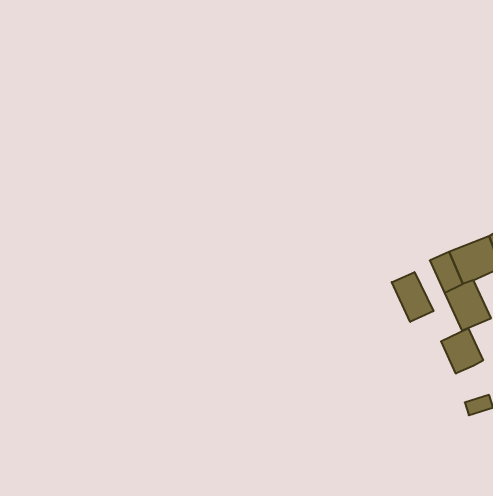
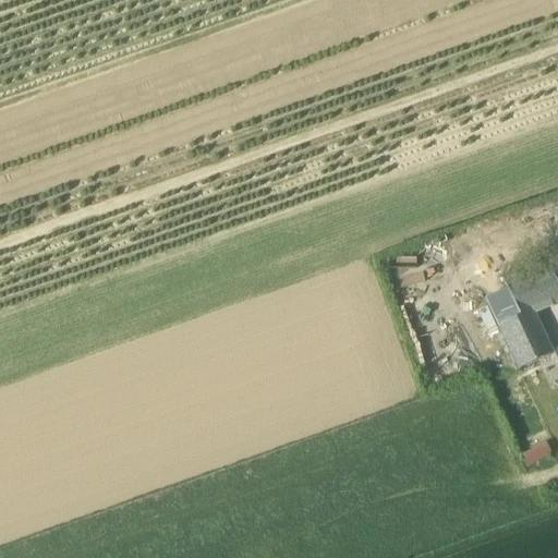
building: [392,272,434,322] -> none
building: [441,328,483,374] -> none

